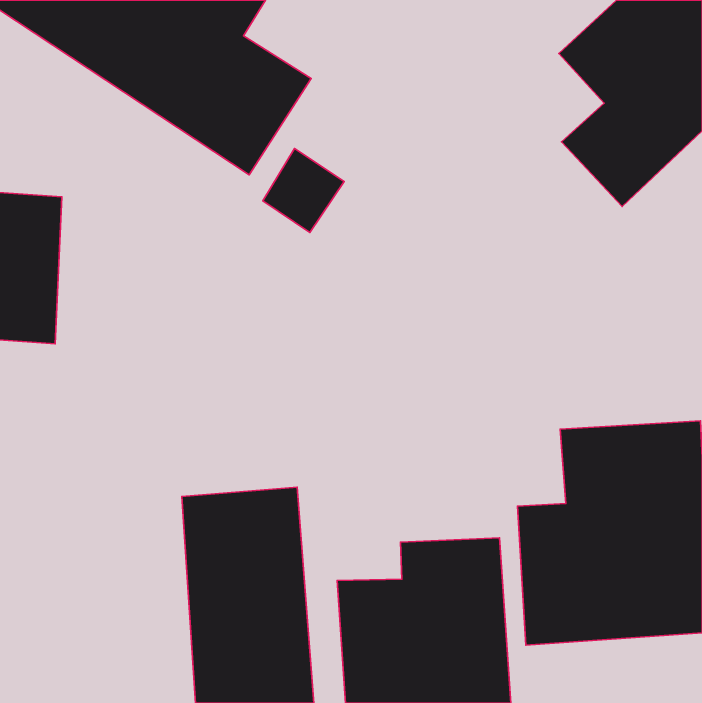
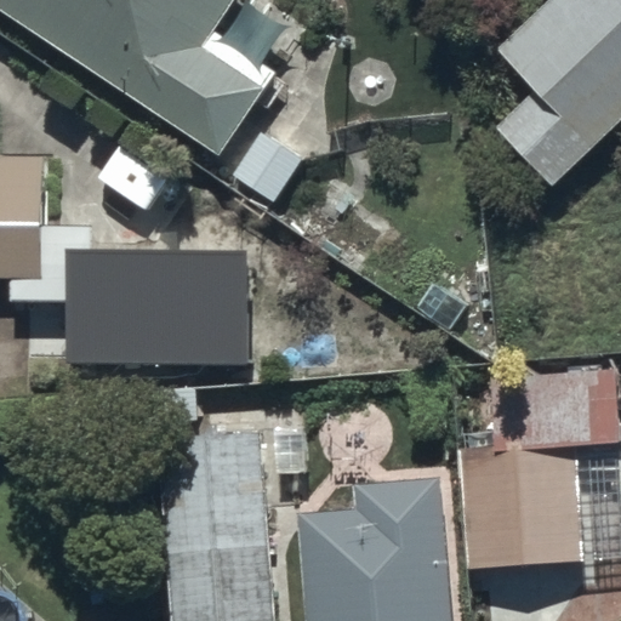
building: none -> [65,251,250,363]

